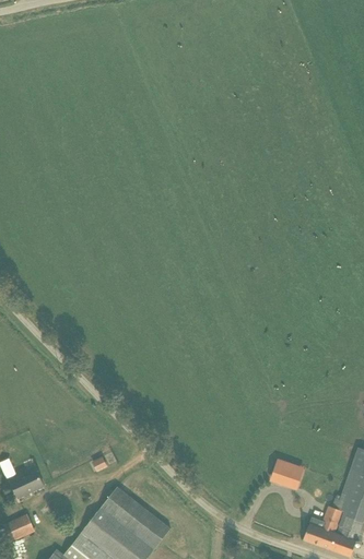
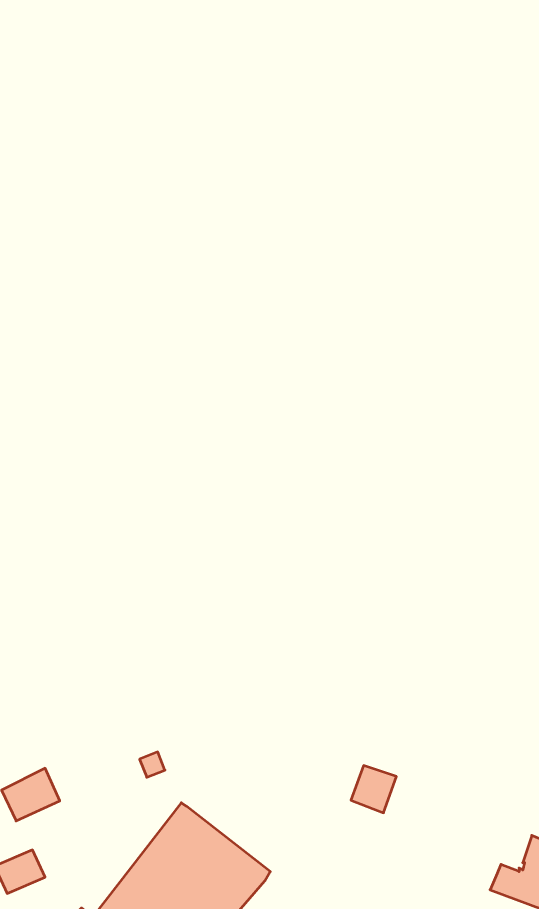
building: [269,460,296,488] -> [351,766,396,813]

